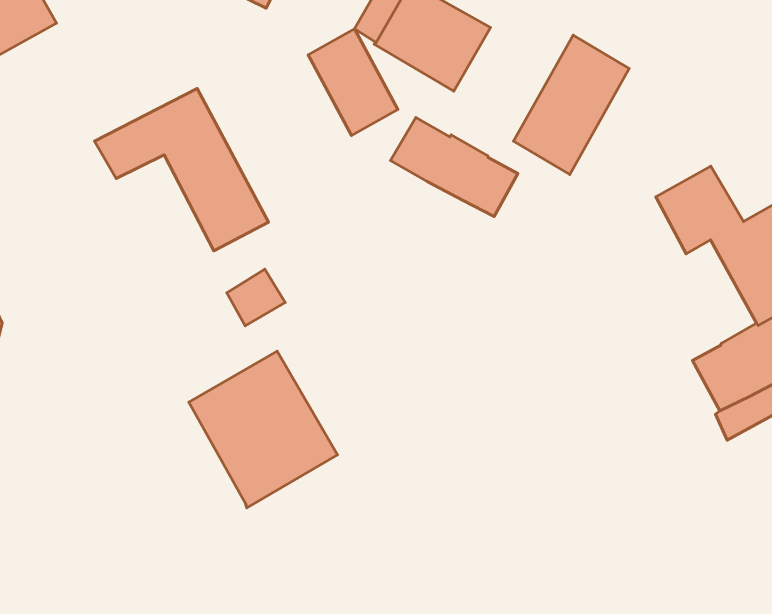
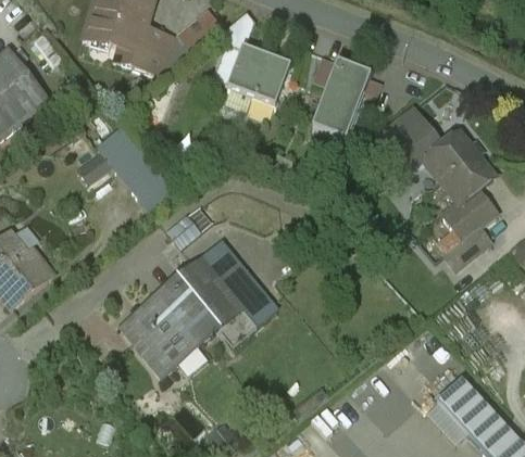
building: [308,29,398,136] -> none
building: [391,117,518,216] -> none
building: none -> [200,241,277,327]
building: none -> [124,296,197,372]

